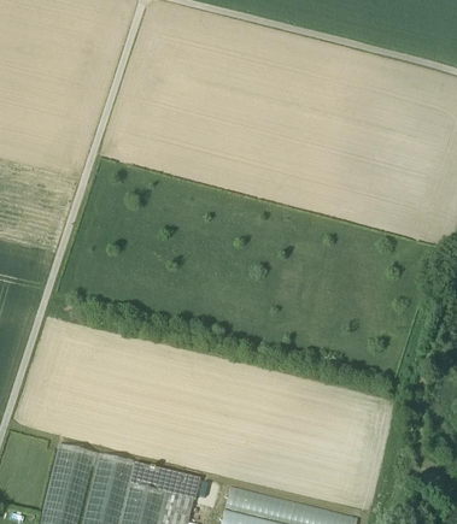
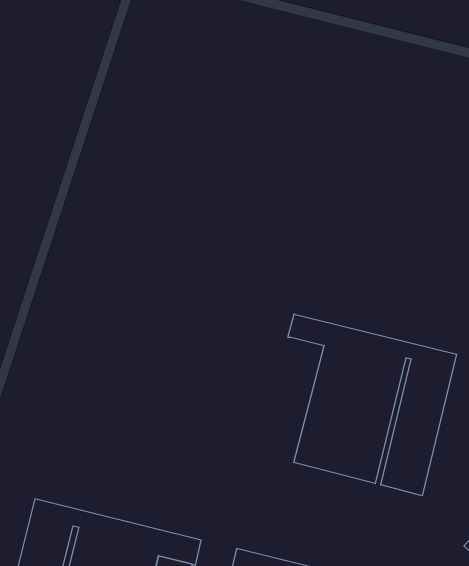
building: none -> [288,314,457,496]

